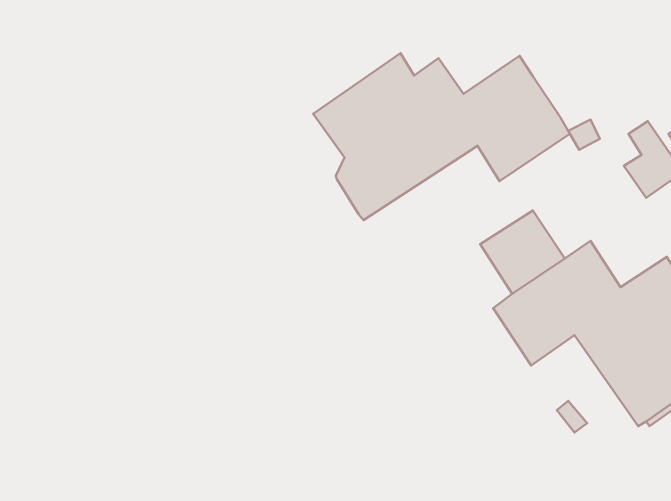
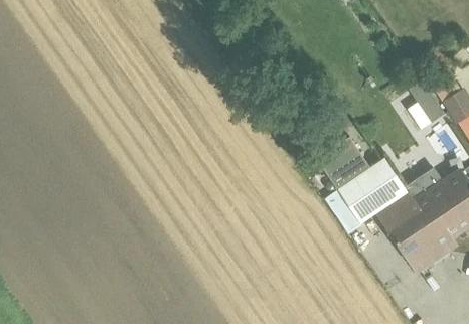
building: [313,53,570,220] -> none

